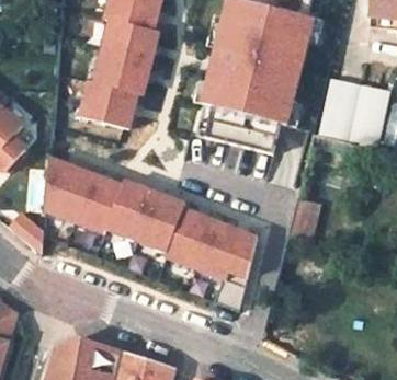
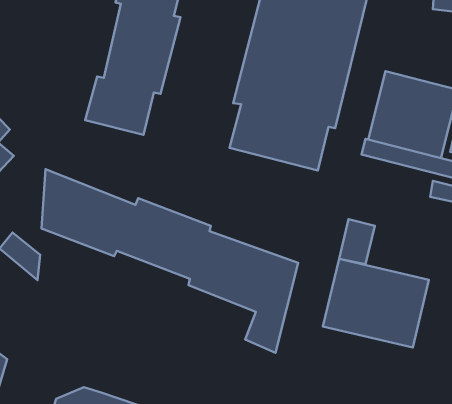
building: none -> [323,259,429,347]

